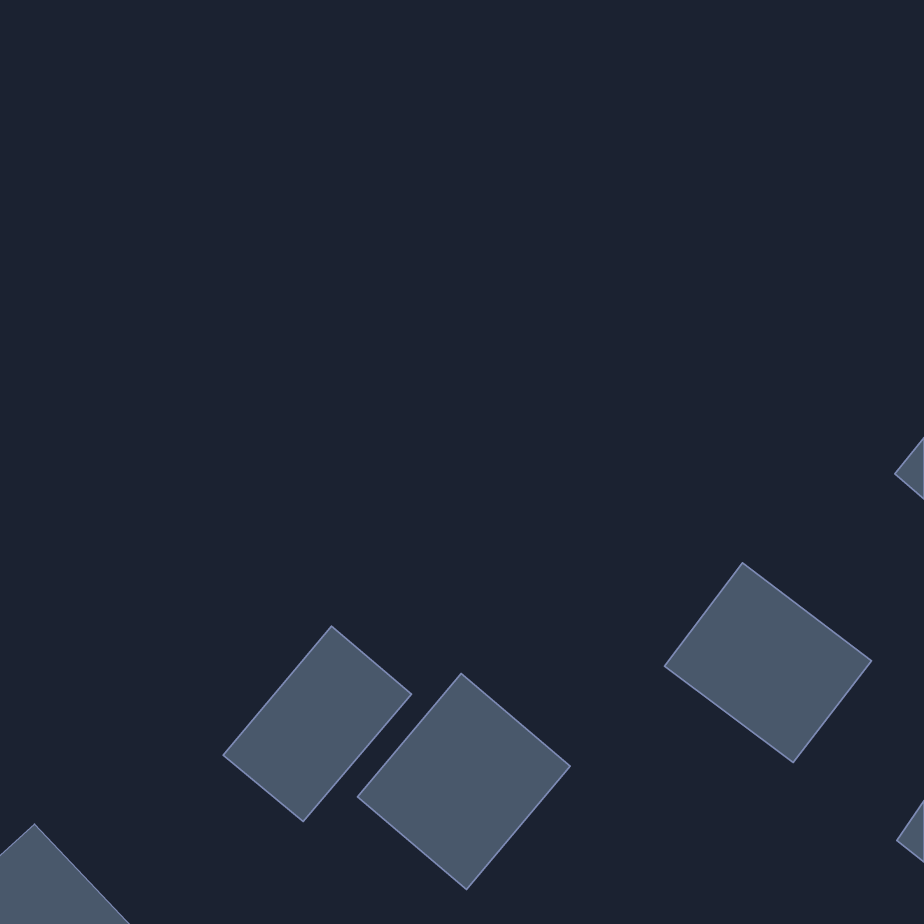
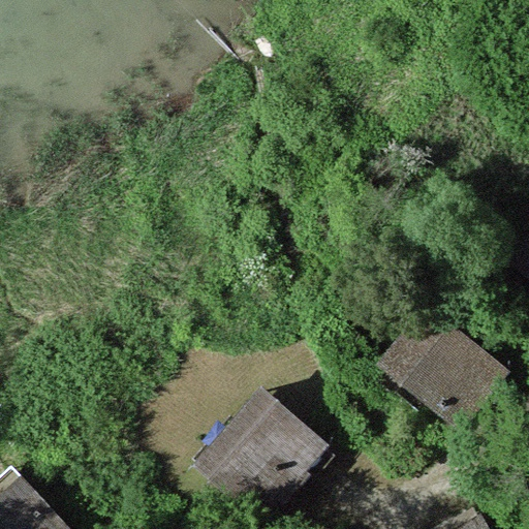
building: [223,626,411,821] -> none

